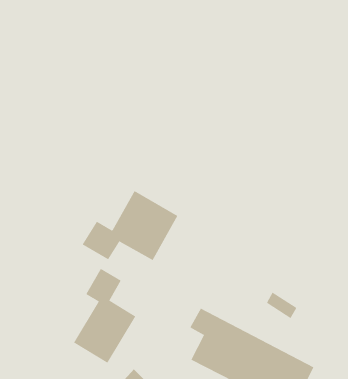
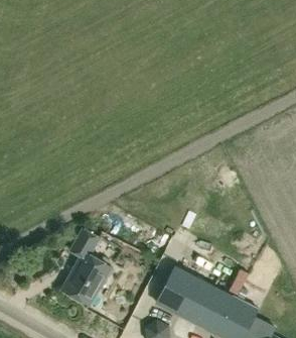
building: [82,190,178,261] -> none

